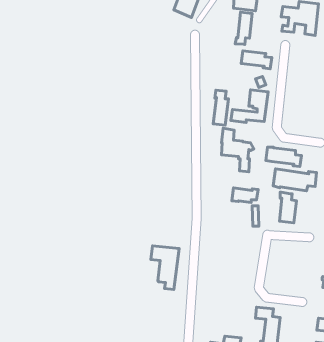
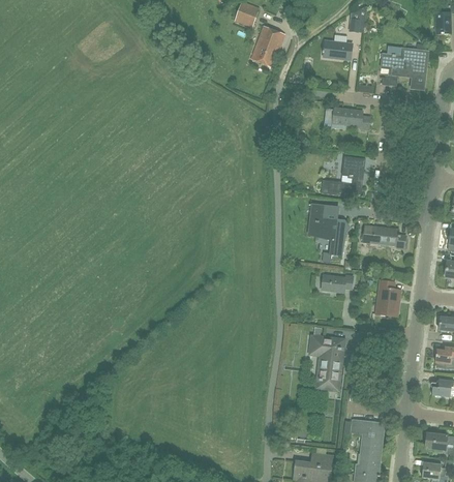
building: [235,12,252,45] -> none
building: [213,90,229,125] -> none
building: [273,169,317,191] -> none
building: [151,246,179,289] -> [309,336,343,389]

